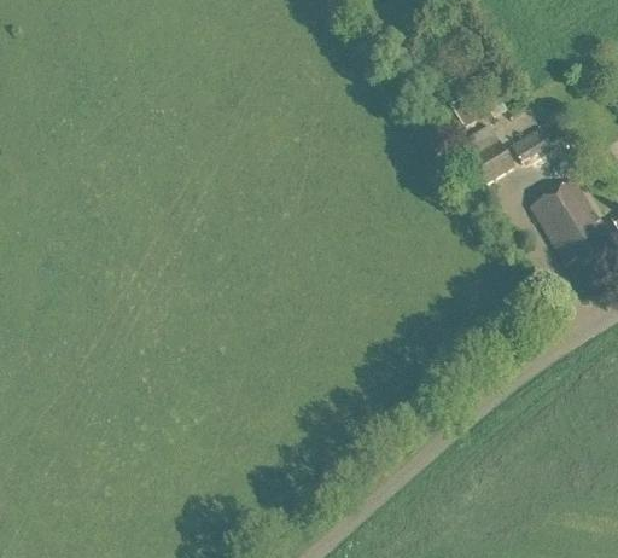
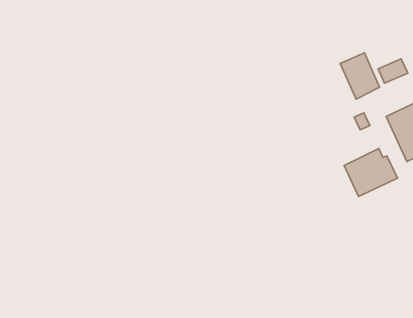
building: none -> [344,149,398,197]

